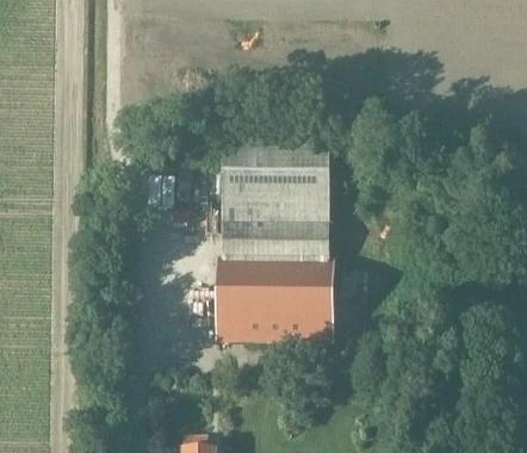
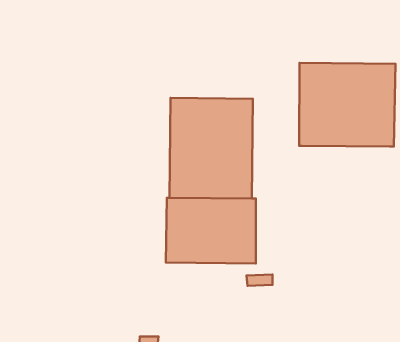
building: none -> [299,63,395,147]

